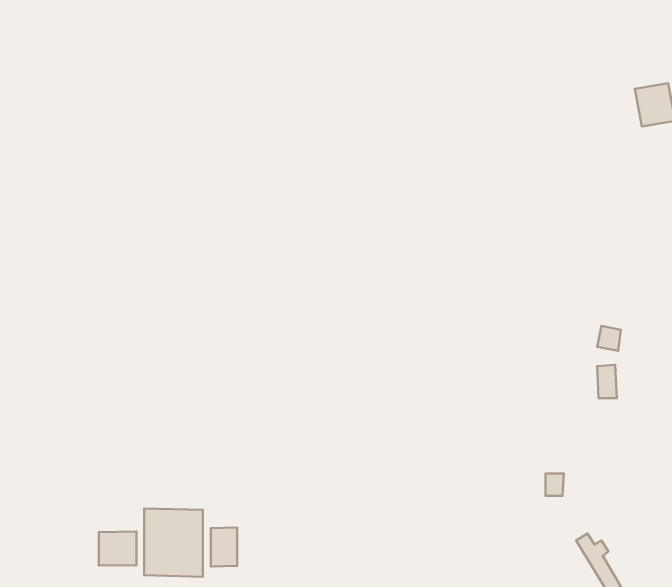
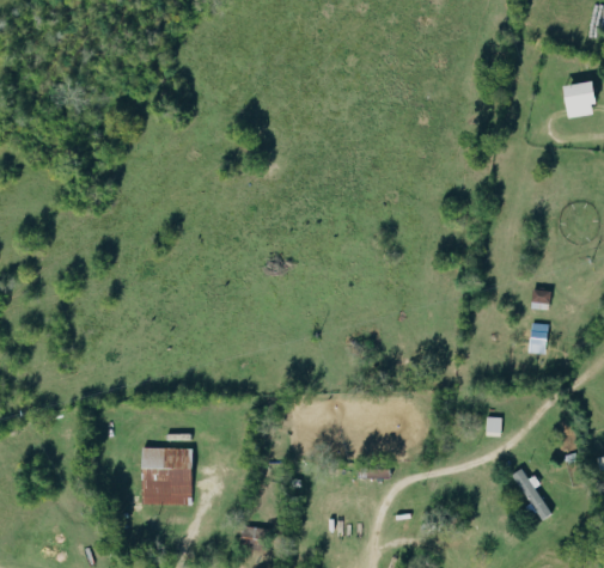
building: [211,527,237,566] -> none
building: [99,532,136,566] -> none

